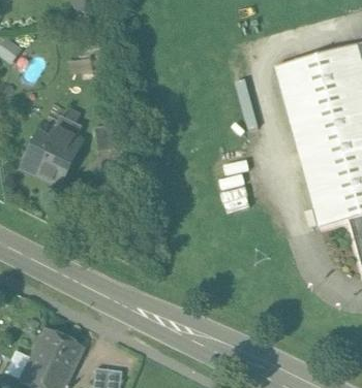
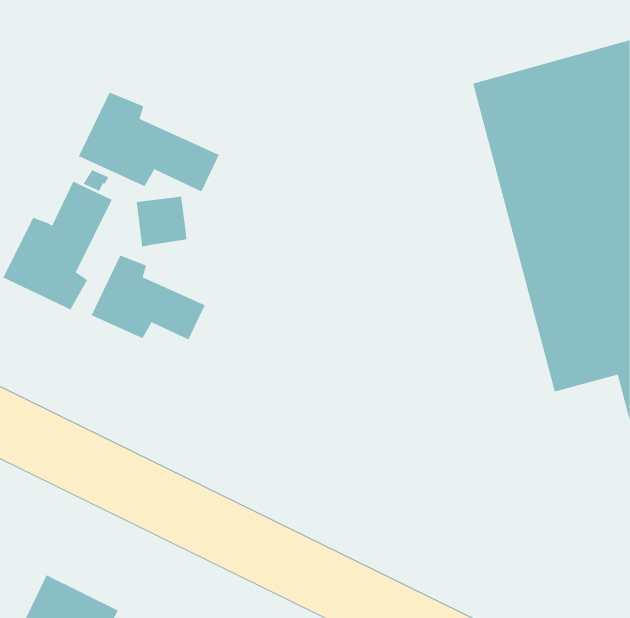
building: none -> [78,92,220,193]
building: none -> [90,254,206,341]

